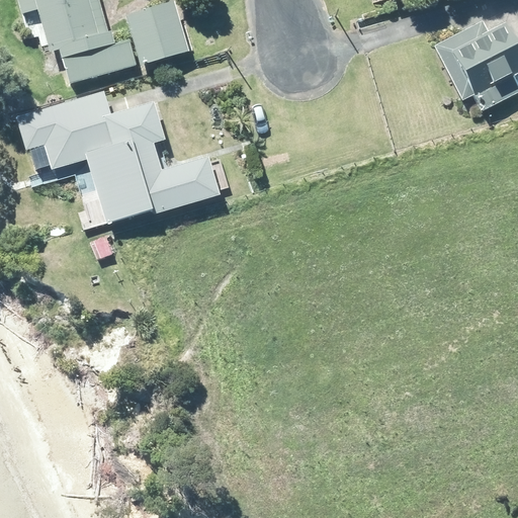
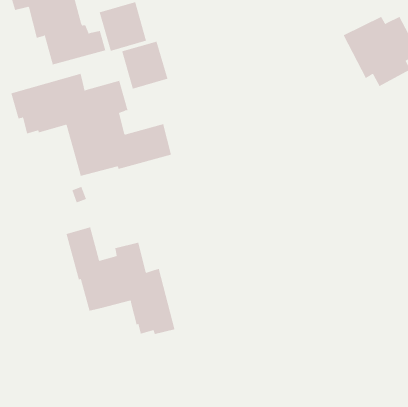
building: none -> [122,41,168,89]
building: none -> [66,227,175,335]

